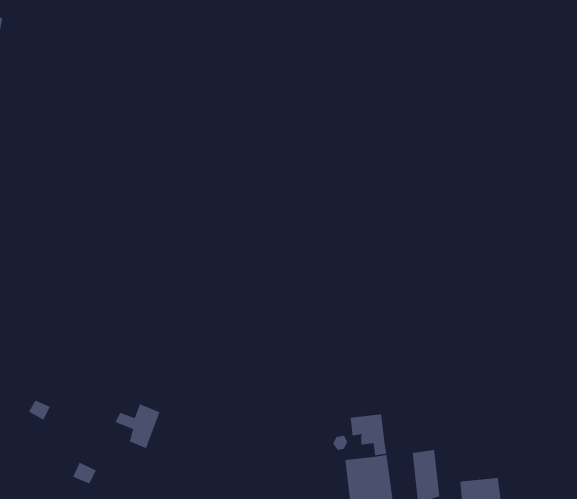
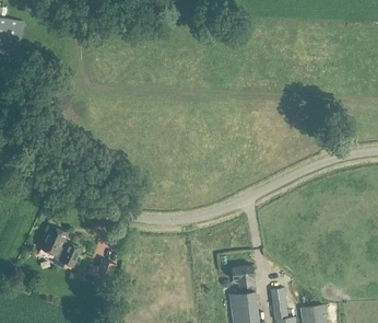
building: none -> [39,226,82,268]

